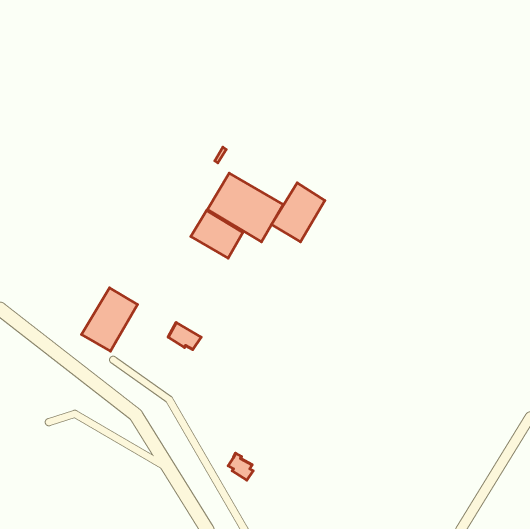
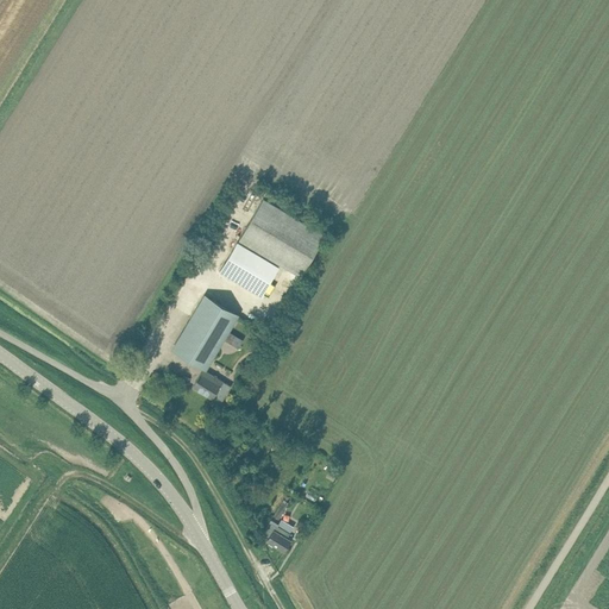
building: [271,183,325,242] -> none
building: [81,288,138,351] -> [172,297,237,370]

